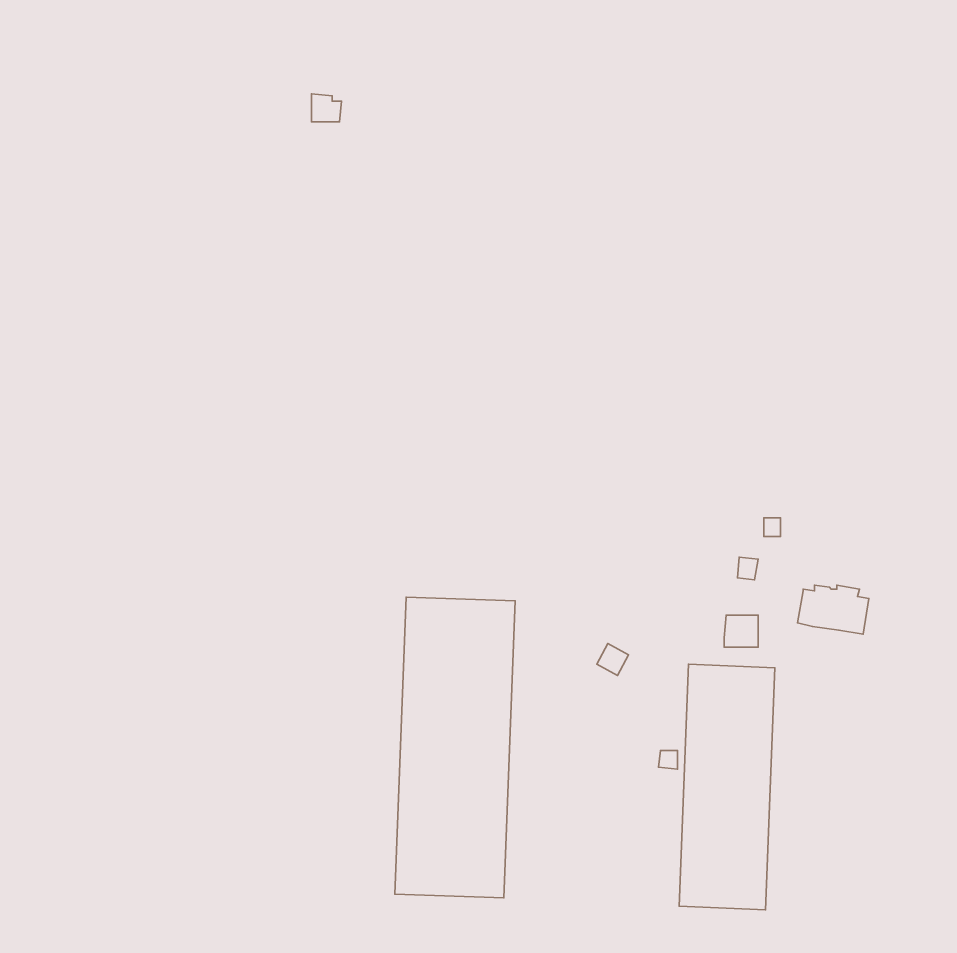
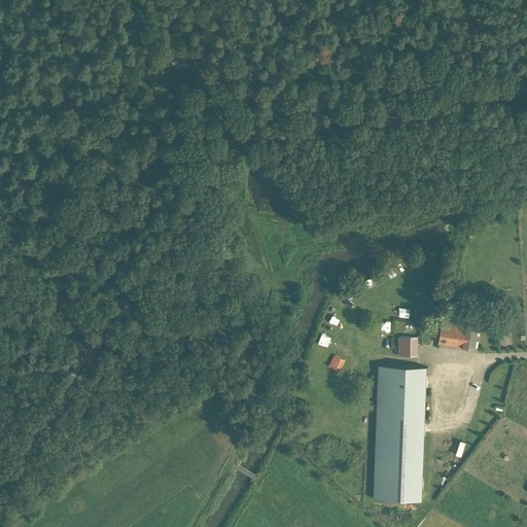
building: [395,597,515,898] -> none

